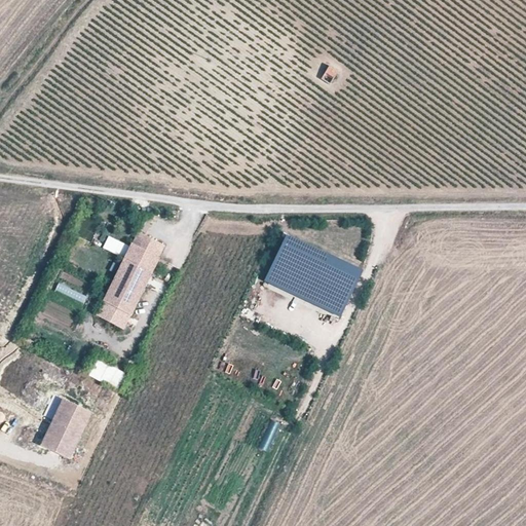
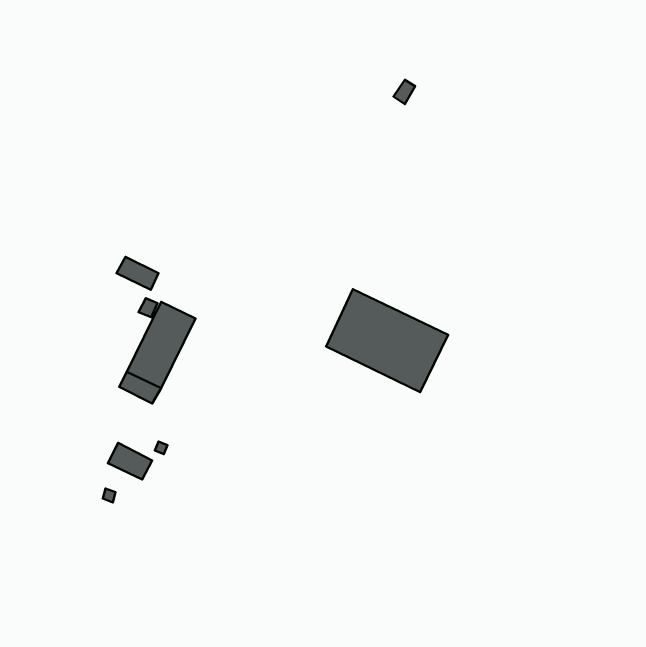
building: [130,231,164,258] -> [117,257,159,290]
building: [39,398,89,458] -> none

